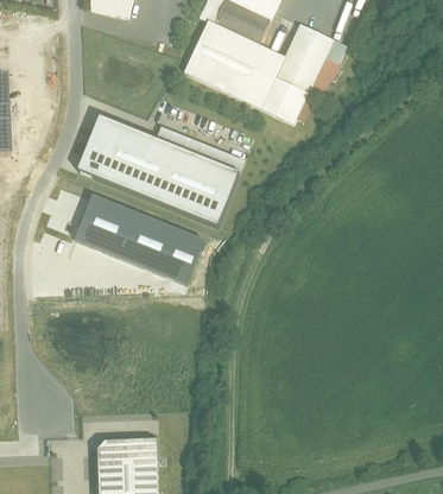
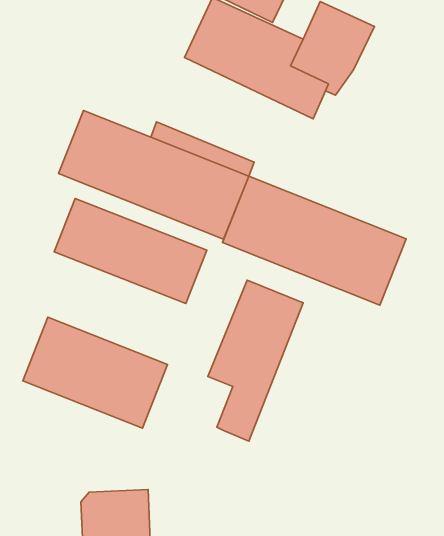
building: none -> [222,176,406,305]
building: none -> [208,280,303,441]
building: none -> [23,317,168,428]

